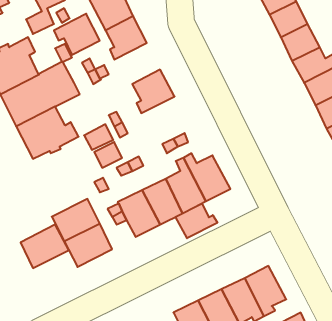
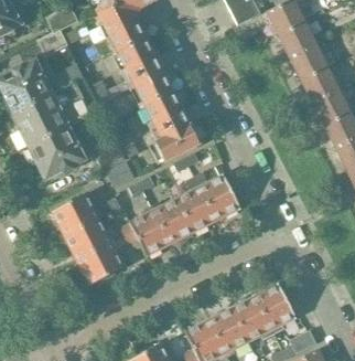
building: [54,14,100,55] -> [127,64,172,105]
building: none -> [150,117,200,166]
building: [176,204,217,238] -> none
building: [21,225,69,268] -> [53,193,100,236]

